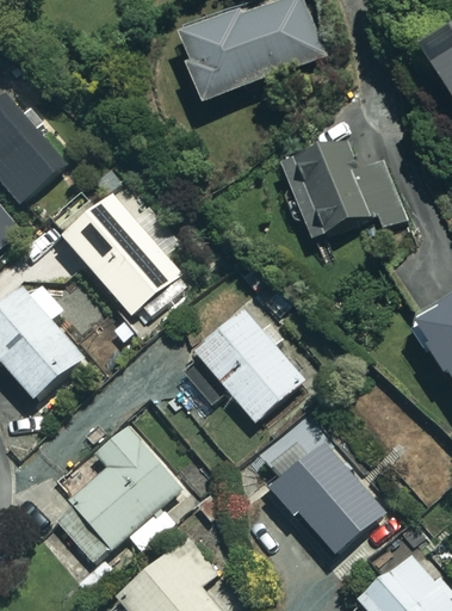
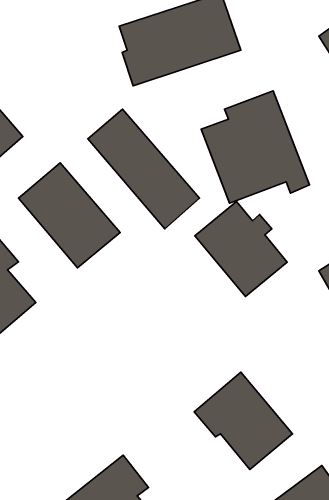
building: none -> [88,109,199,229]
building: [194,309,303,421] -> [195,201,287,297]
building: [51,426,185,561] -> none

